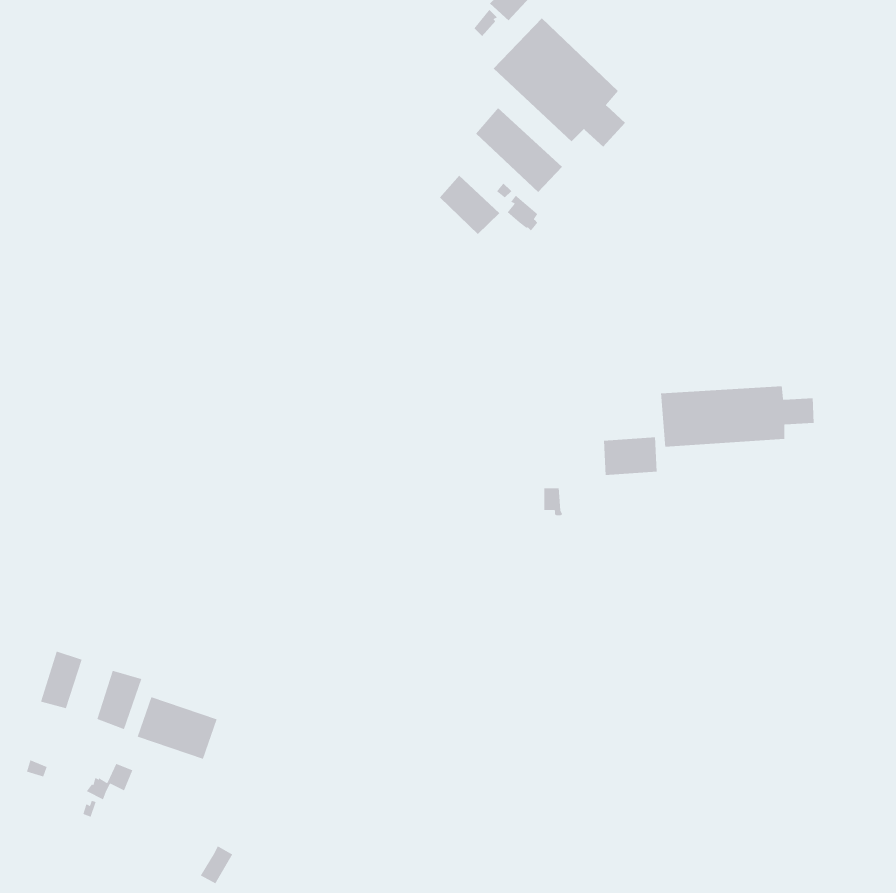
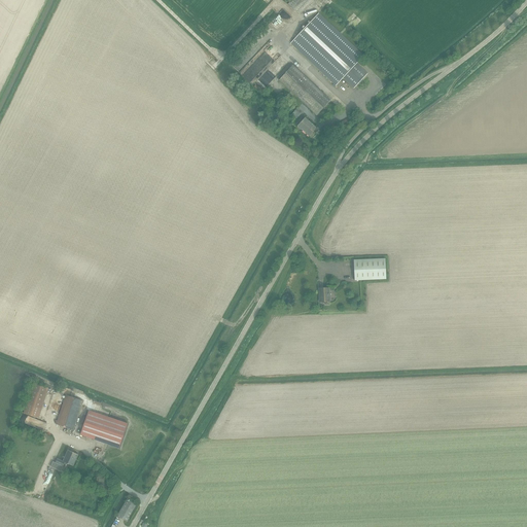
building: [439,175,500,235] -> none
building: [661,386,814,448] -> none

